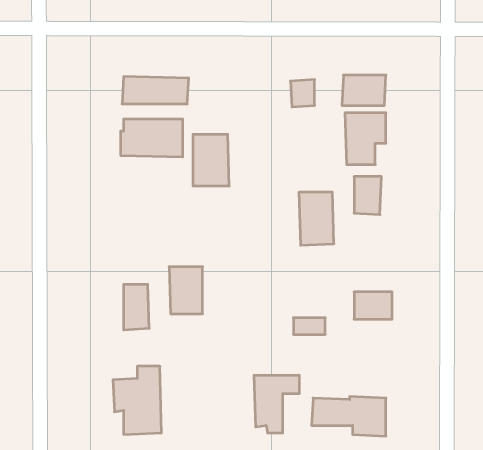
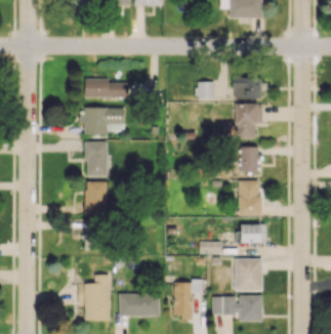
building: [193,134,229,186] -> [86,141,111,176]
building: [299,192,334,245] -> [238,180,261,216]
building: [169,267,203,314] -> [85,181,108,213]
building: none -> [236,258,262,291]
building: none -> [119,293,160,316]

